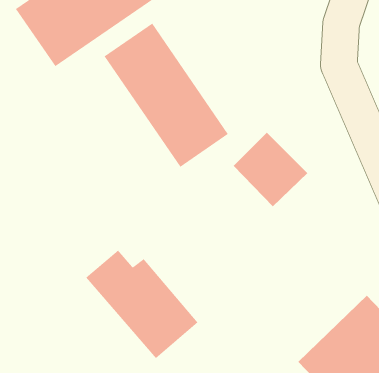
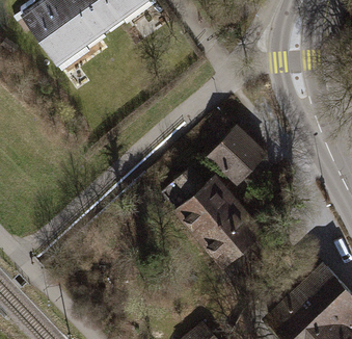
building: [104,23,229,168] -> none
building: [85,249,199,359] -> [164,173,261,266]

